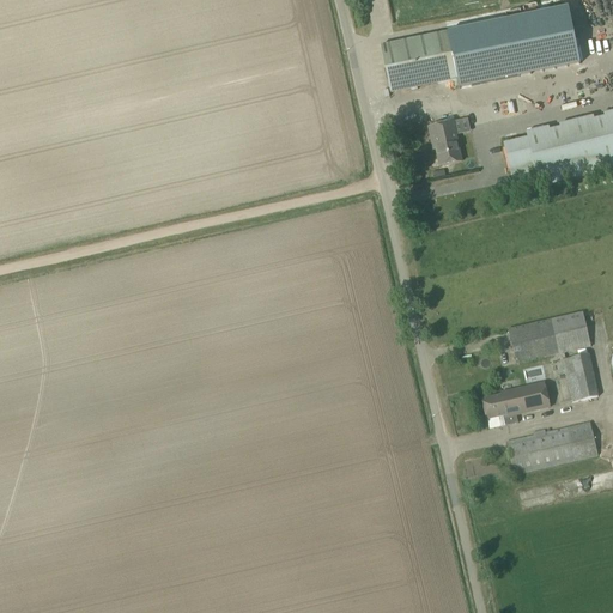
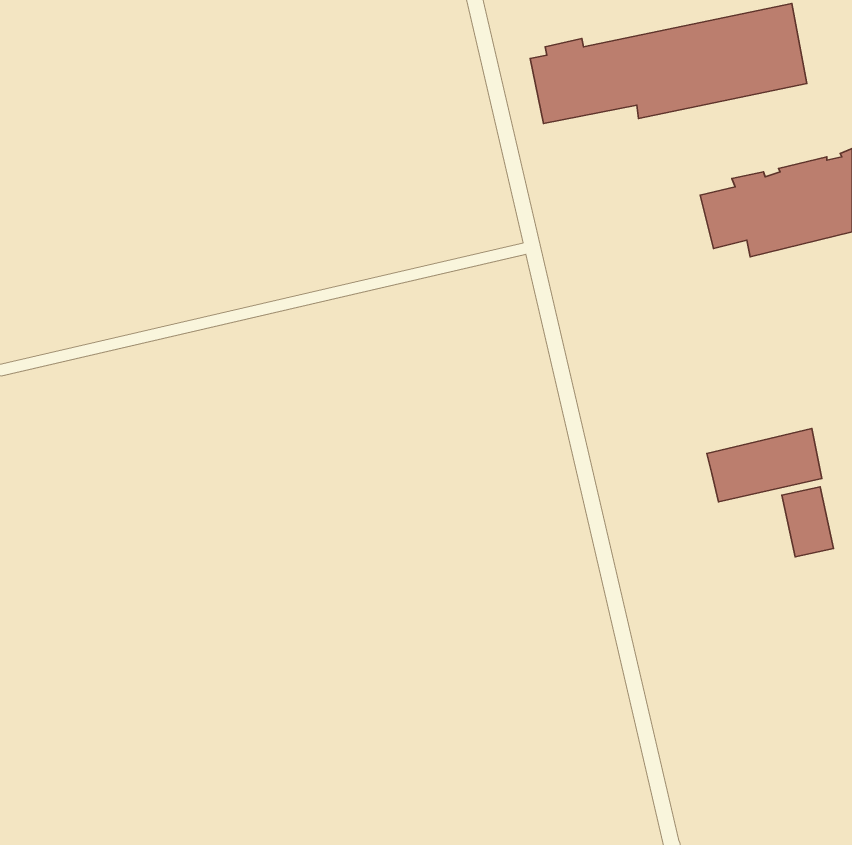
building: [429,117,462,163] -> none
building: [481,380,550,423] -> none
building: [506,419,597,472] -> none

